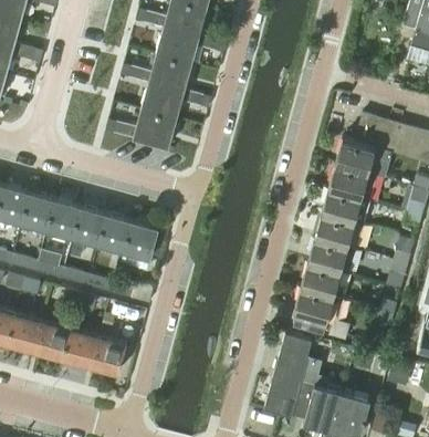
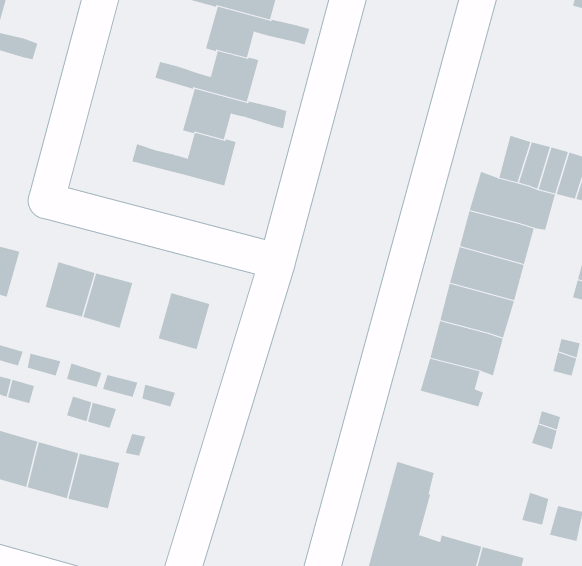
building: [21,193,55,230] -> none
building: [97,214,132,251] -> none
building: [291,287,350,341] -> none
building: [90,335,126,374] -> none

